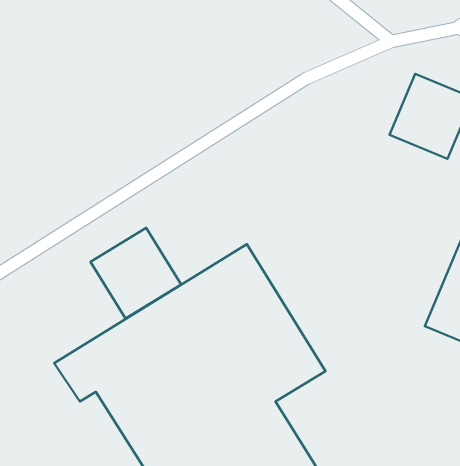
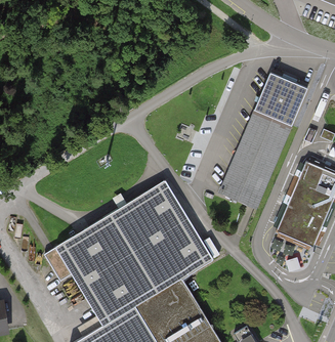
building: none -> [219,110,292,209]
building: [91,228,181,319] -> none

